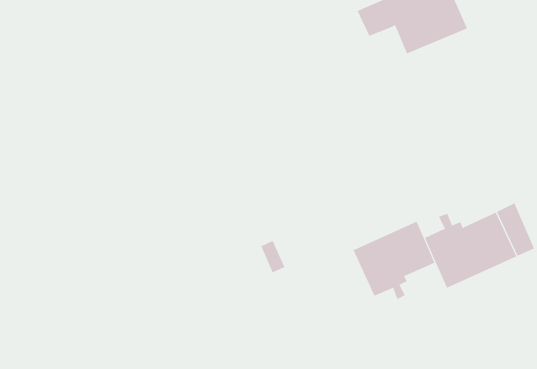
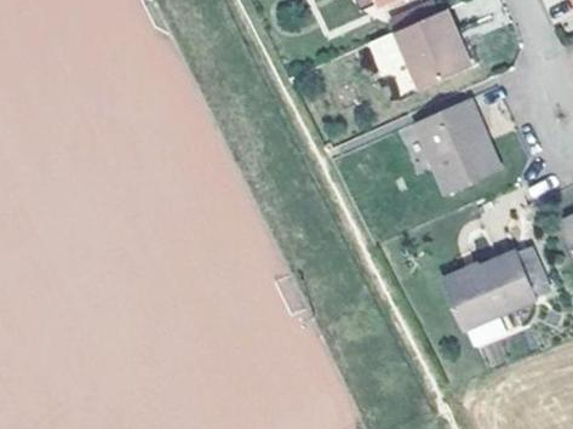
building: none -> [413,101,502,198]
building: [353,221,435,300] -> none

